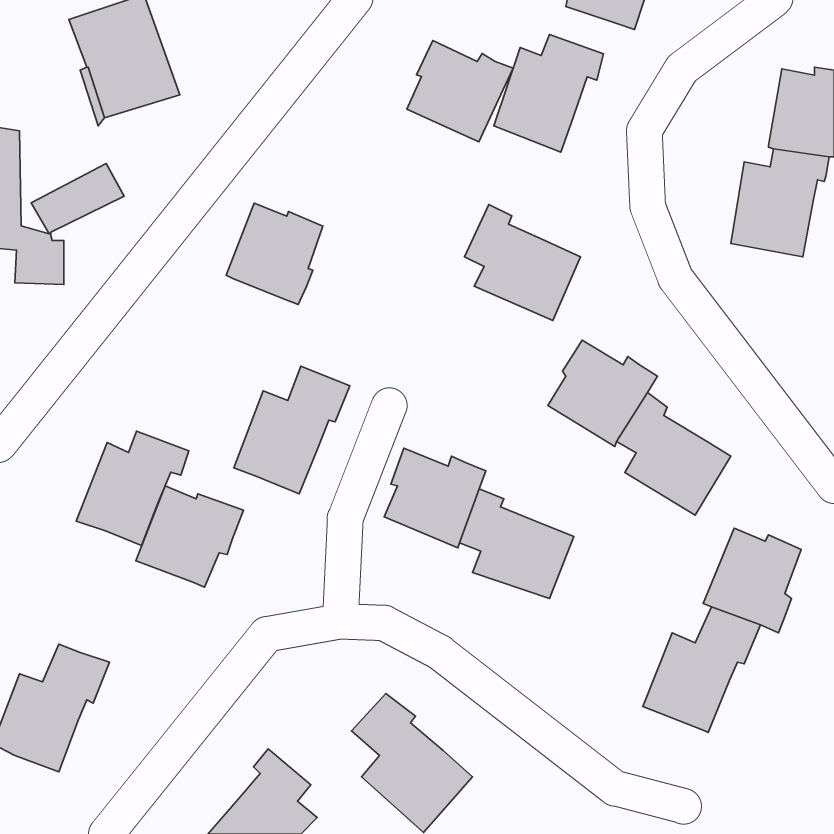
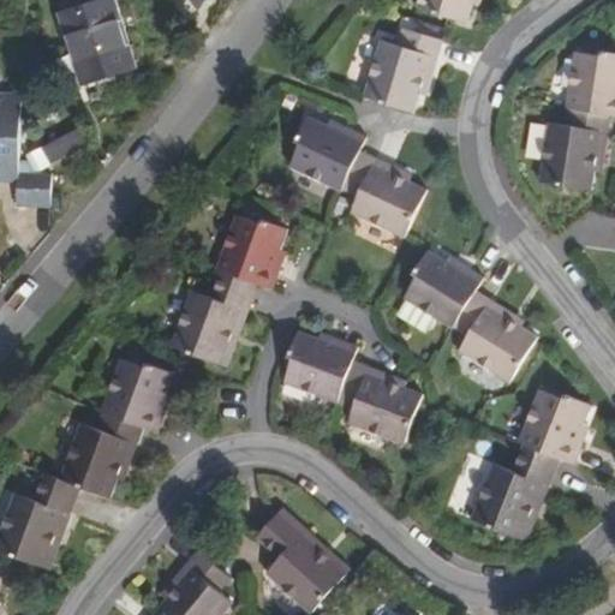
building: [407,40,513,142] -> [288,114,366,189]
building: [226,203,323,305] -> [216,214,287,288]
building: [76,431,189,546] -> [59,413,142,497]

